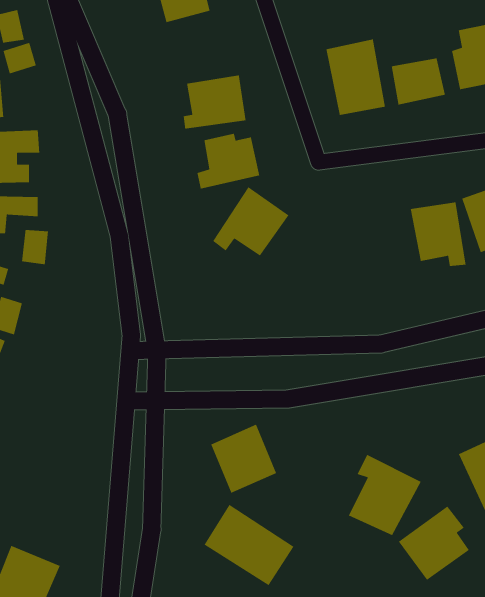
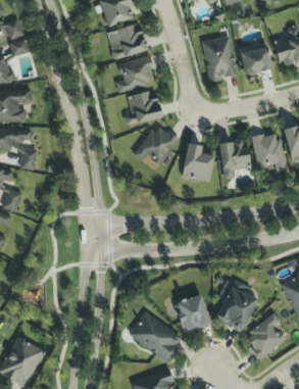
building: none -> [106,23,148,60]
building: none -> [217,139,251,180]
building: none -> [181,143,214,182]
building: [210,424,277,494] -> [172,293,212,335]

